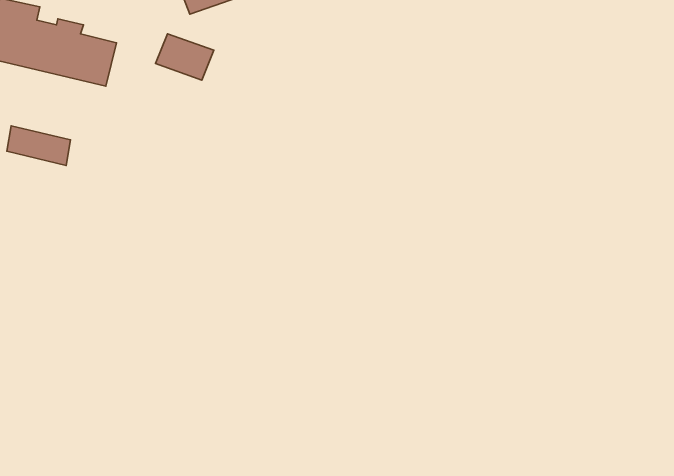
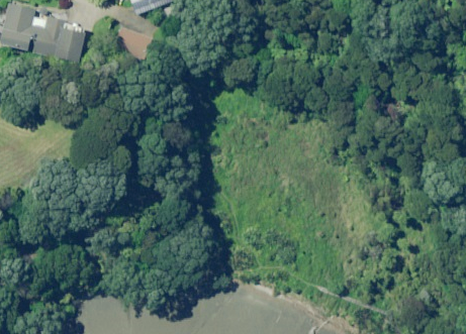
building: [7,126,71,165] -> none

